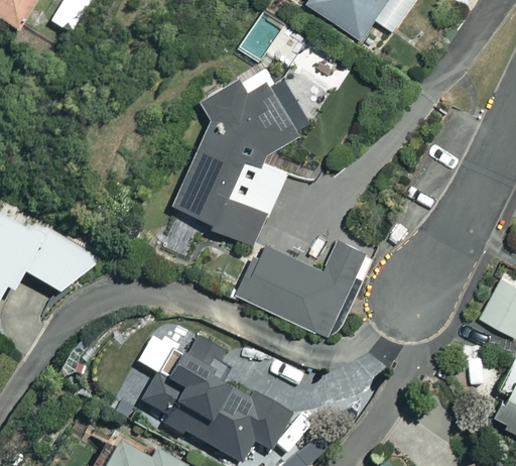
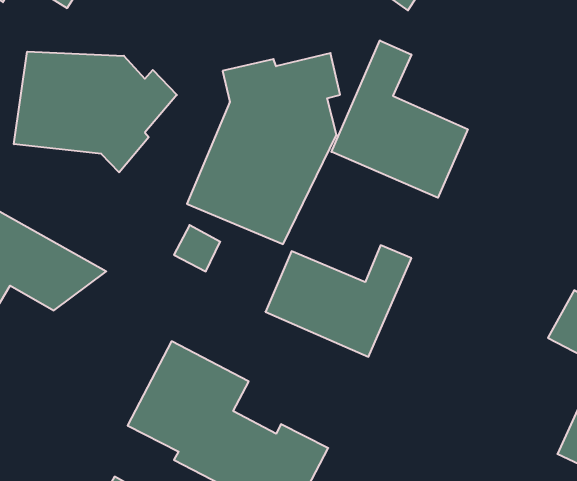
building: none -> [331,40,468,198]
building: none -> [14,52,177,172]

